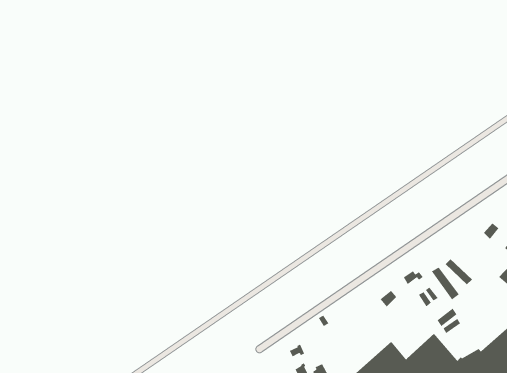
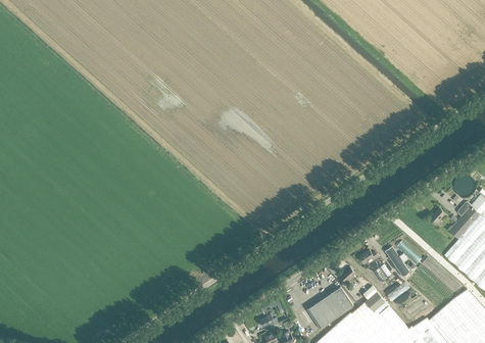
building: none -> [307,287,353,329]
building: none -> [351,292,389,328]

